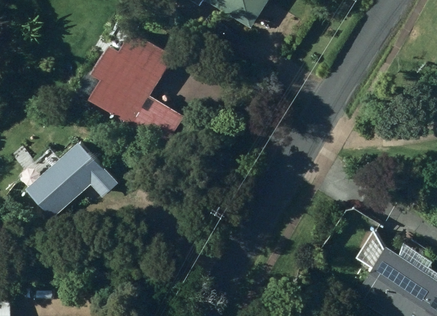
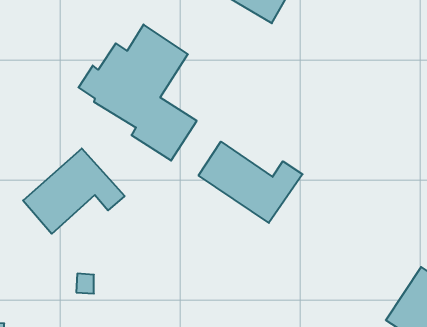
building: none -> [199,142,303,223]

